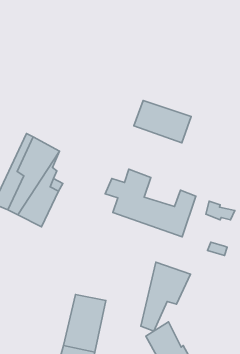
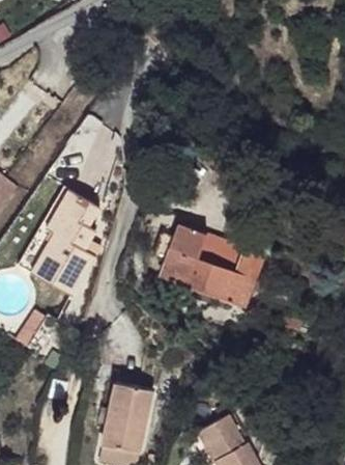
building: [134,101,191,143] -> none
building: none -> [200,238,246,273]
building: [141,262,191,331] -> none

